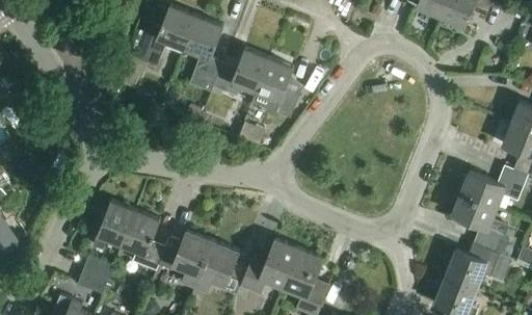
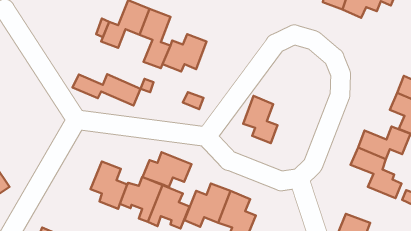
building: [255,58,298,119] -> [243,96,277,143]
building: none -> [72,74,140,106]
building: none -> [143,152,192,187]
building: [91,201,135,251] -> none
building: [445,243,510,289] -> none
building: [77,256,113,294] -> none

